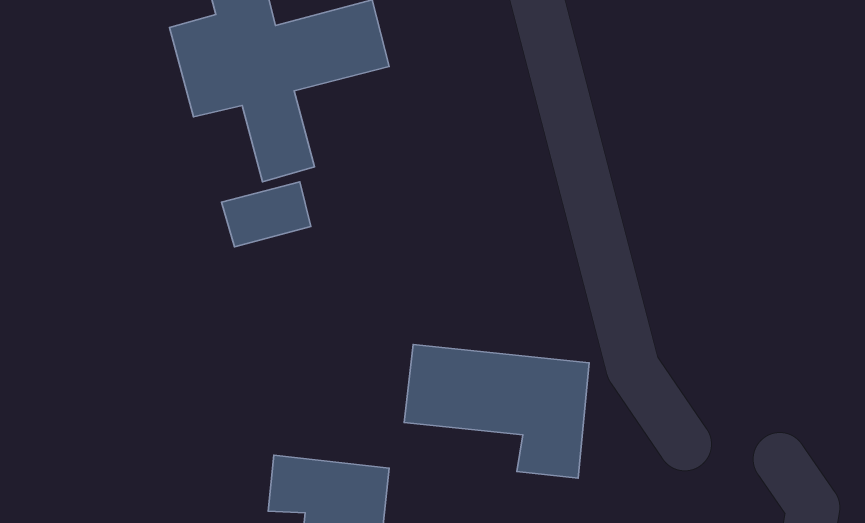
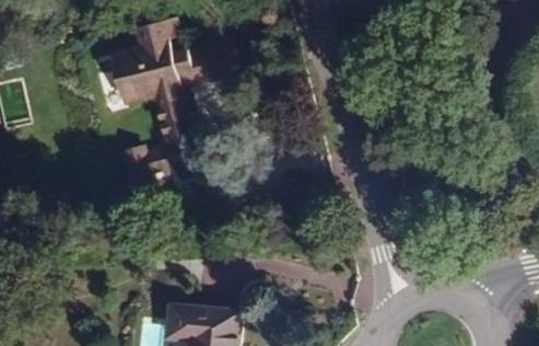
building: [404,345,589,478] -> none

